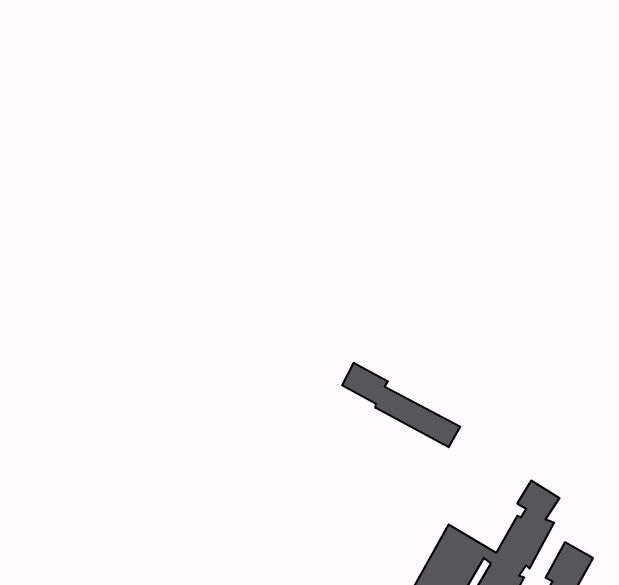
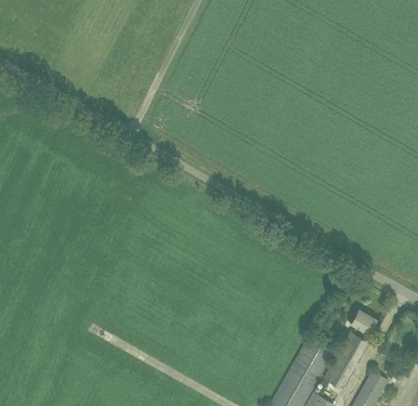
building: [342,363,460,447] -> none

